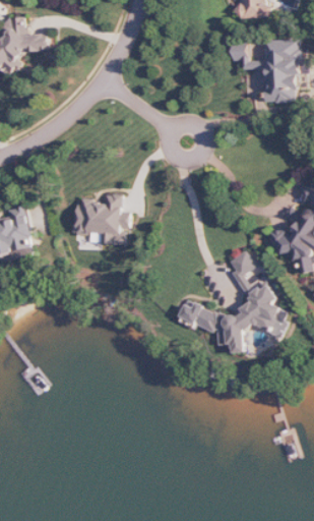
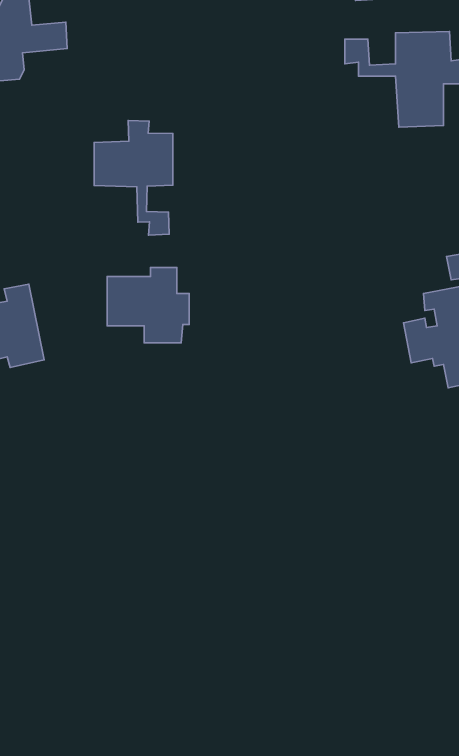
building: none -> [94,121,173,235]
building: [178,251,287,353] -> none

